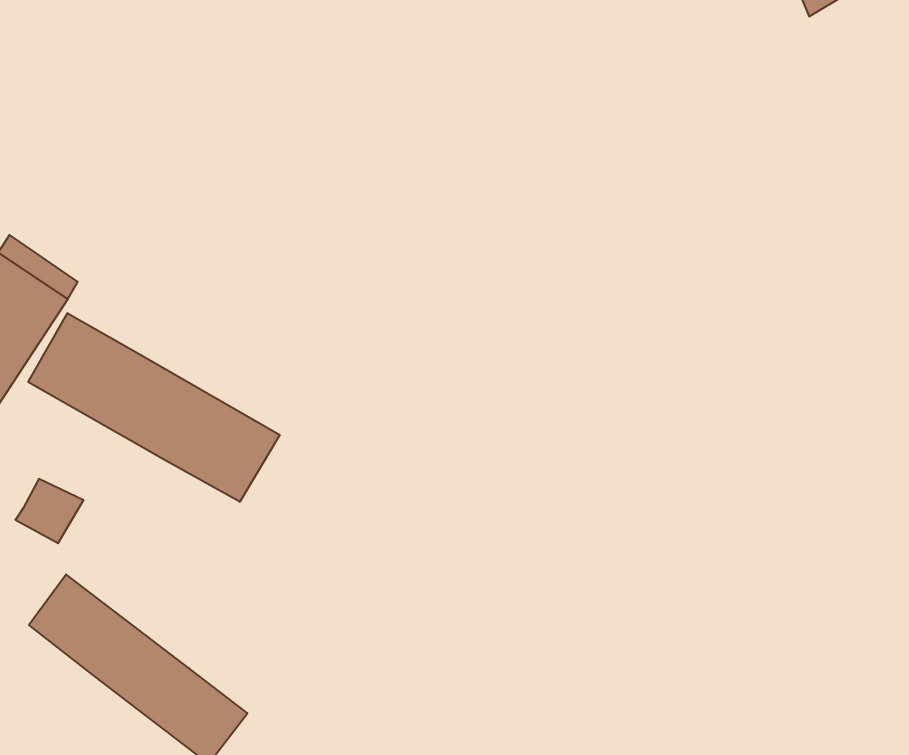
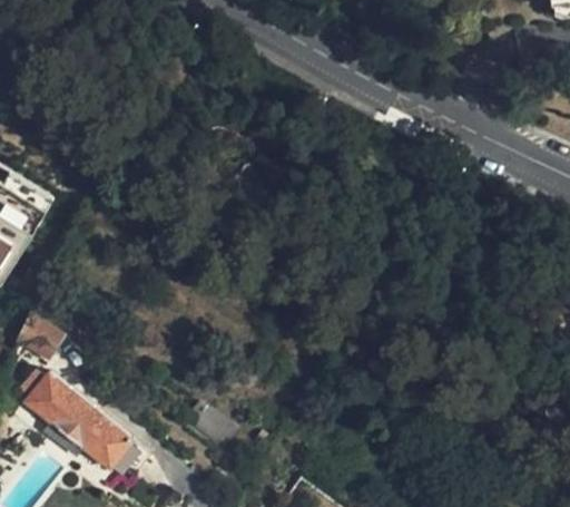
building: [28,313,280,502] -> none

